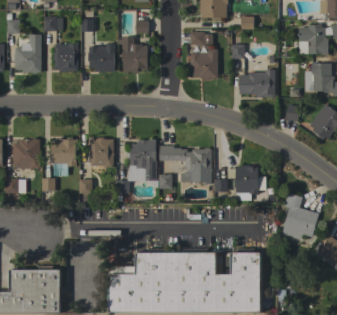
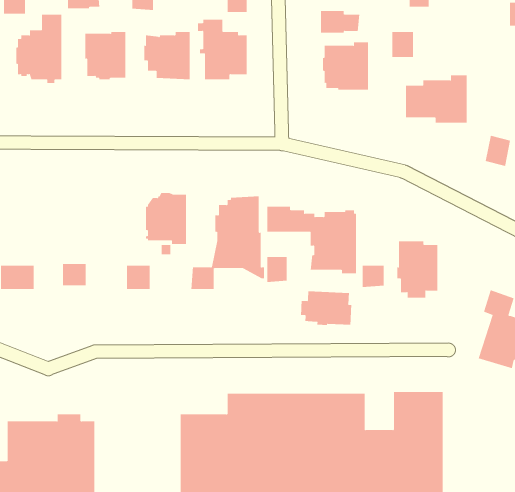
building: [51,137,76,176] -> none
building: [12,138,39,169] -> none
building: none -> [300,290,352,326]

